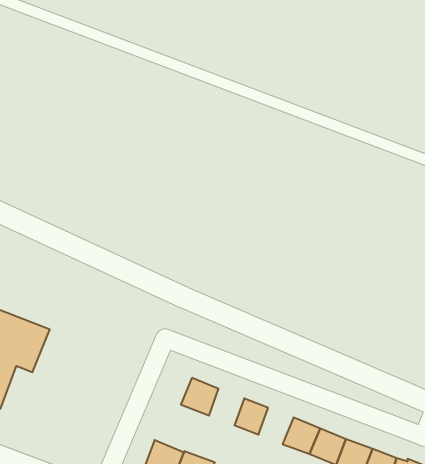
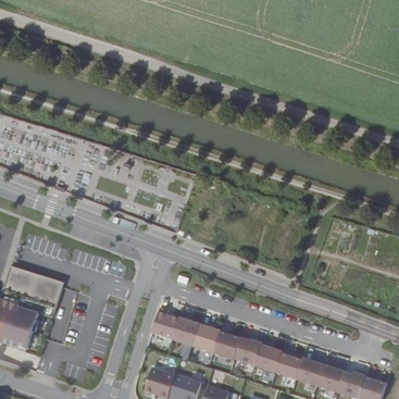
building: none -> [151,310,178,337]
building: none -> [194,323,221,351]
building: none -> [234,336,261,364]

